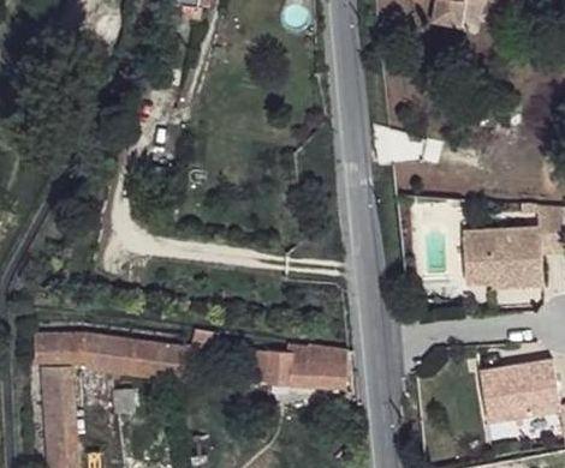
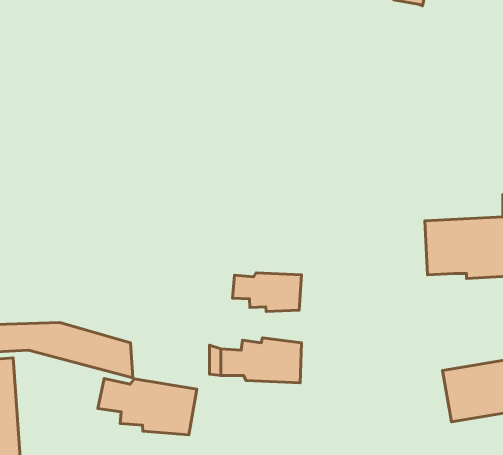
building: none -> [233,273,301,311]
building: none -> [98,379,197,435]

